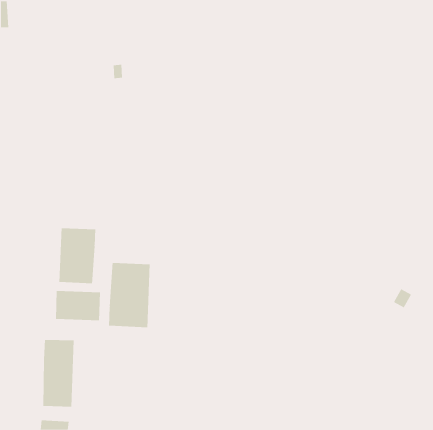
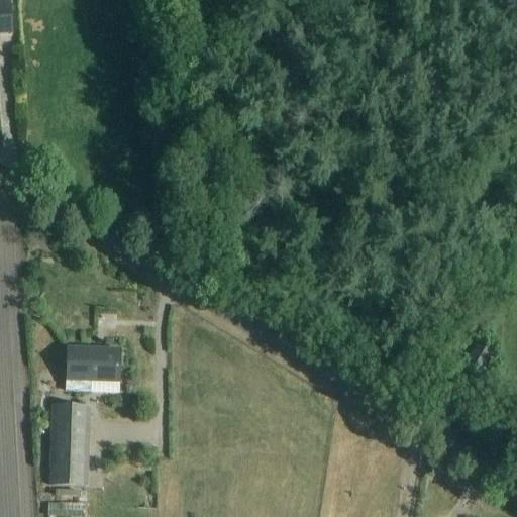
building: [59,227,96,284] -> none
building: [109,262,150,328] -> none

